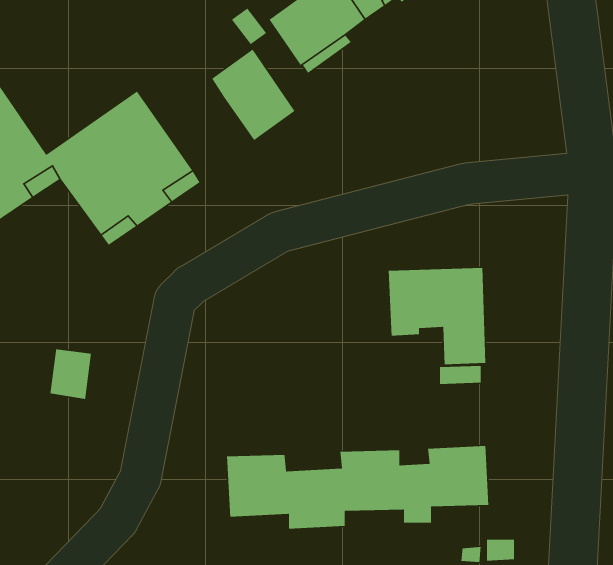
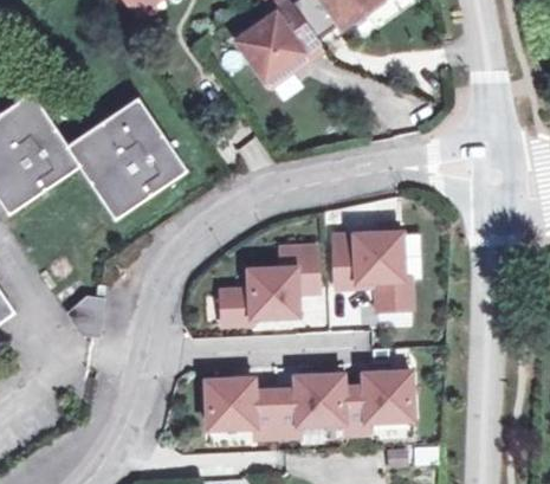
building: [211,48,295,141] -> none
building: none -> [221,246,318,323]

